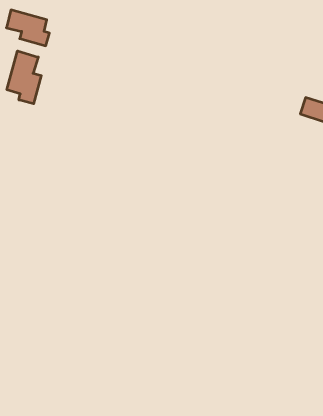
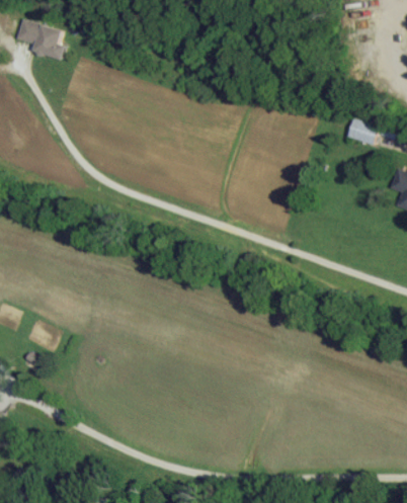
building: [7,51,41,104] -> none

